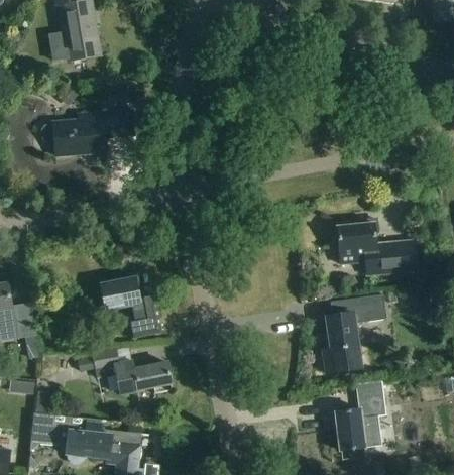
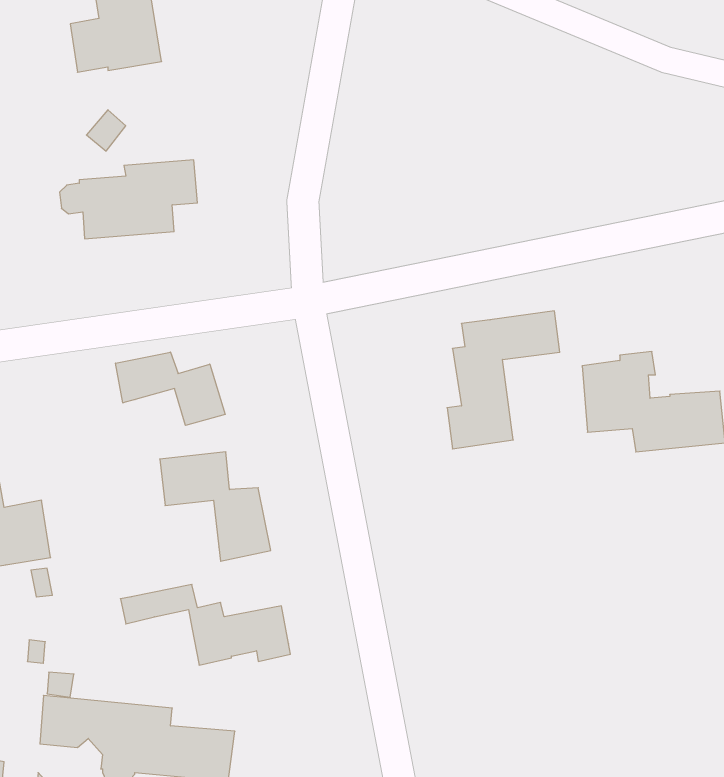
building: none -> [116,352,225,425]
building: [323,295,386,373] -> [447,311,560,449]
building: [335,394,386,451] -> none

